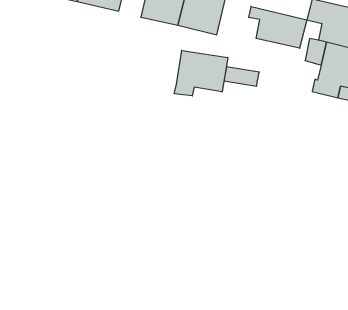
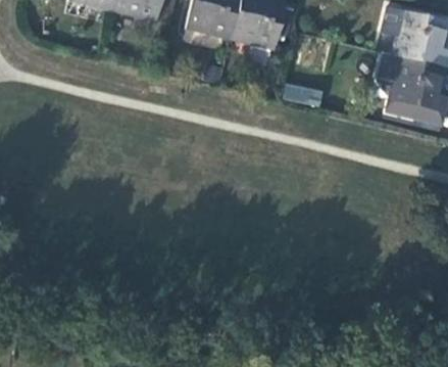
building: [249,6,307,48] -> none
building: [174,50,228,96] -> none

